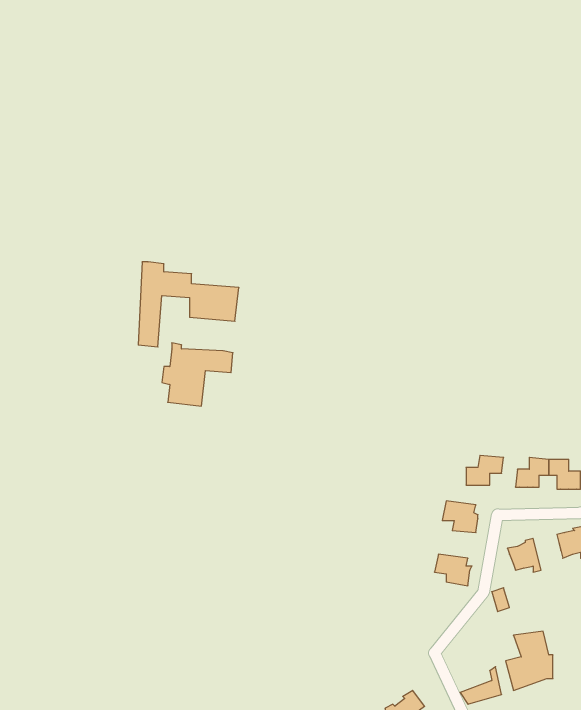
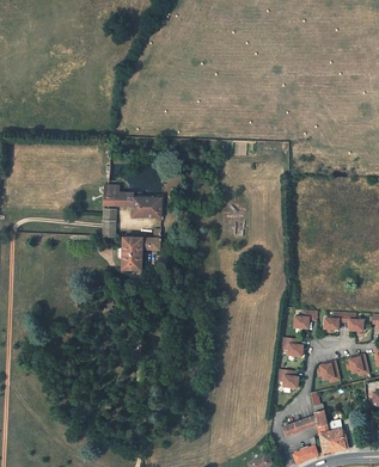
building: none -> [279,406,328,438]

